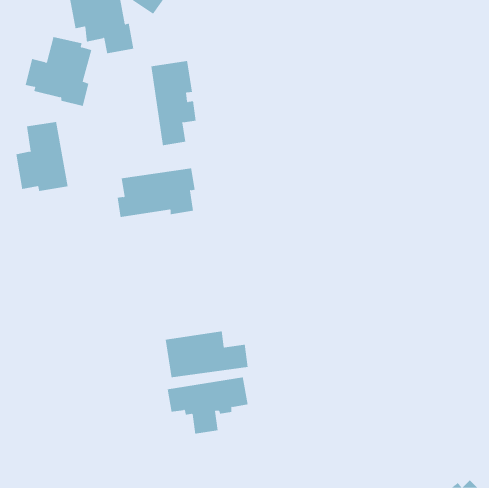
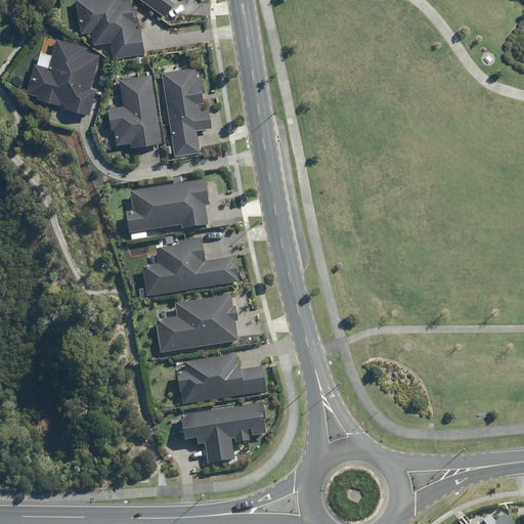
building: [16,121,68,191] -> [106,72,163,146]
building: none -> [141,237,237,296]
building: none -> [156,294,236,352]

